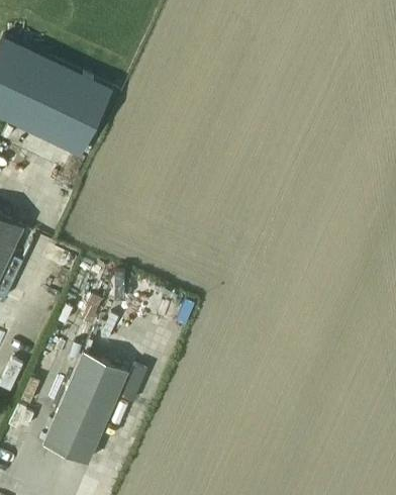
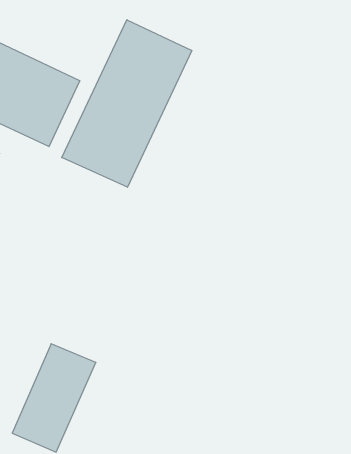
building: none -> [62,20,192,187]

